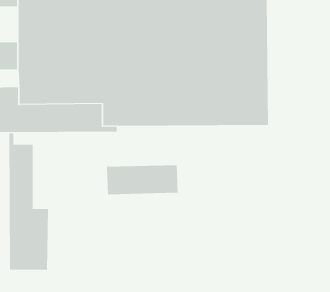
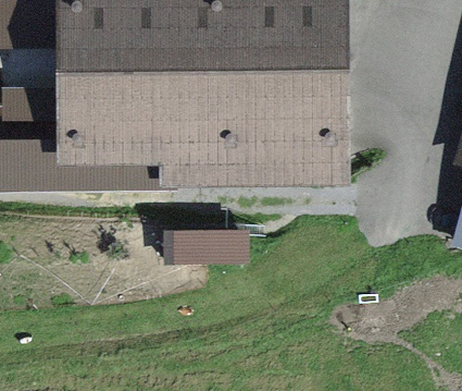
building: [9,132,49,270] -> none

